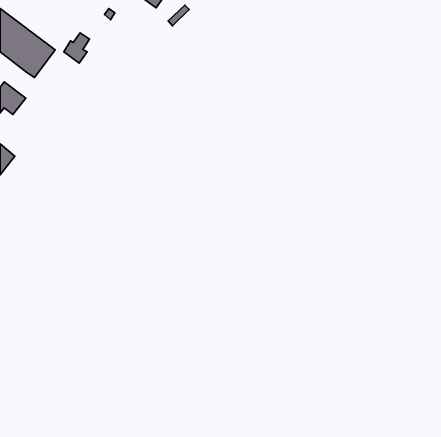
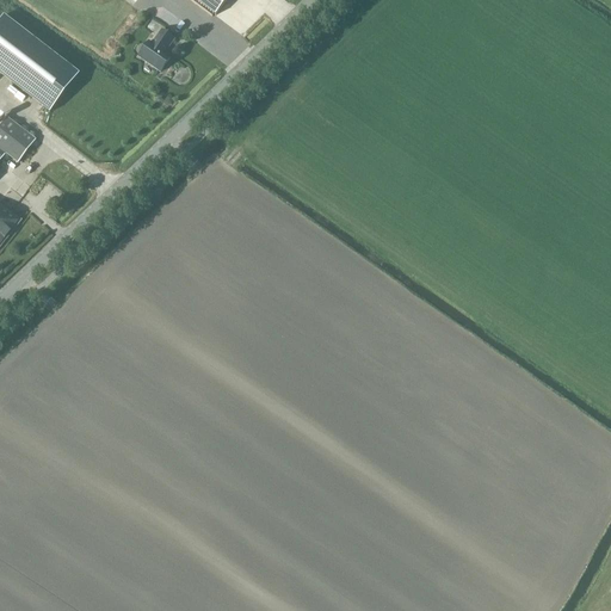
building: [64,33,90,63] -> [140,26,175,68]

